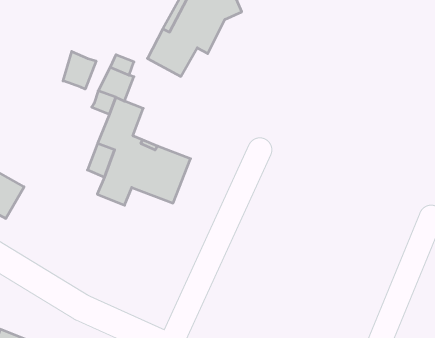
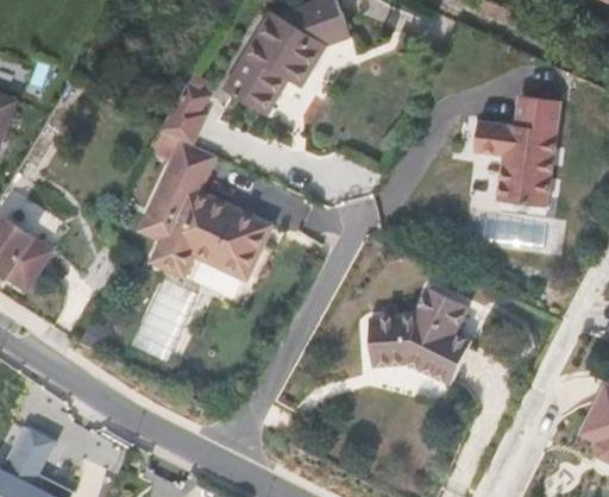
building: none -> [472,94,558,203]
building: [63,51,96,89] -> none
building: none -> [371,288,475,384]

